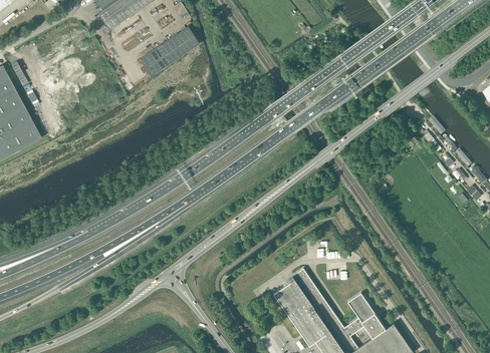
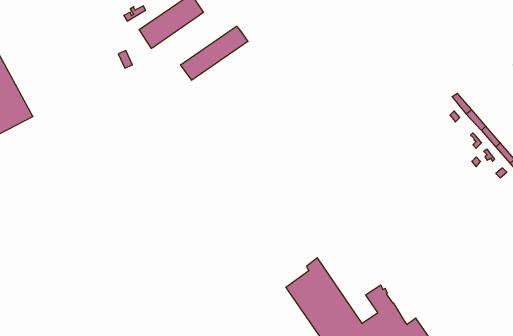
building: none -> [180,26,248,80]

